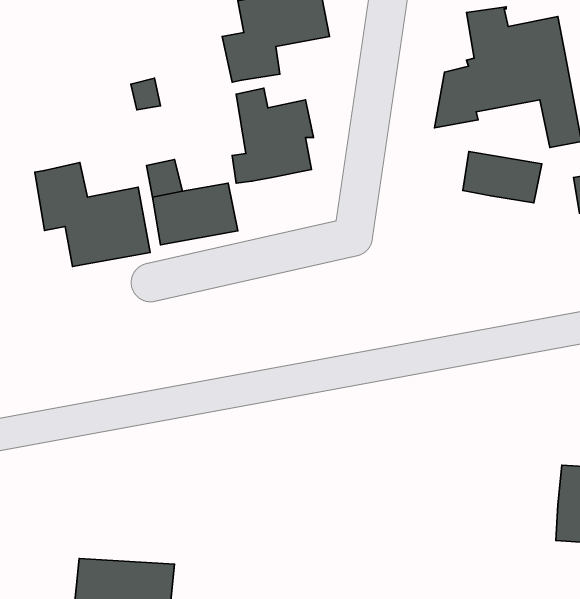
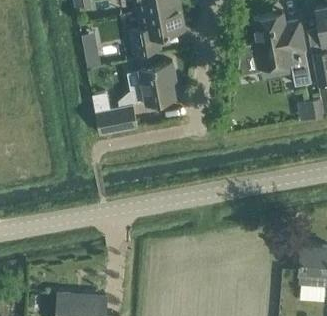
building: [463,151,542,203] -> none
building: [35,162,150,267] -> none

